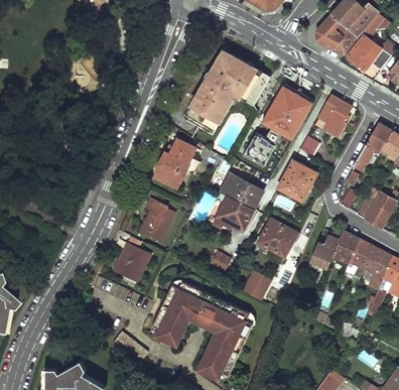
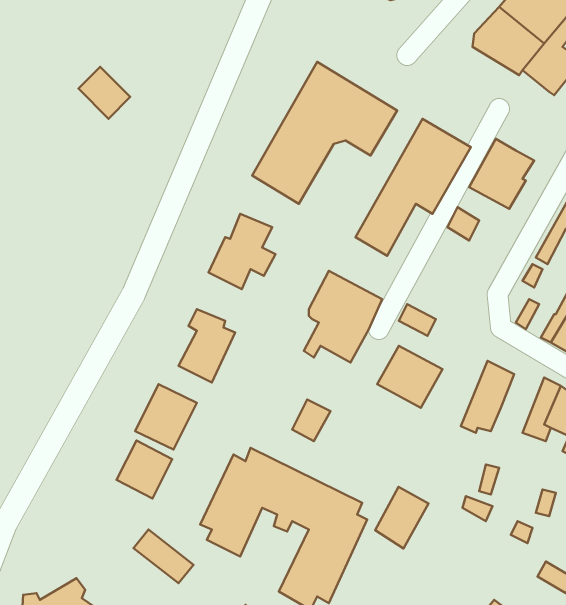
building: [278,161,316,202] -> none
building: [332,231,359,272] -> none
building: [244,264,276,301] -> [375,487,429,549]
building: none -> [117,440,172,499]

